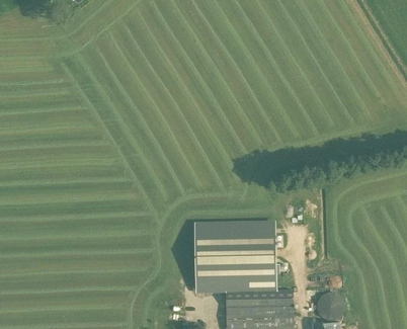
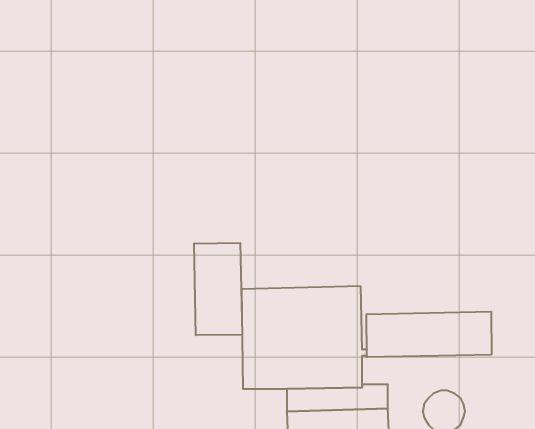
building: none -> [194,243,242,335]
building: none -> [367,312,491,357]

